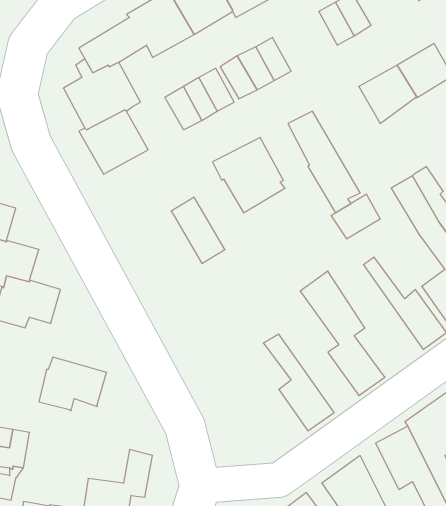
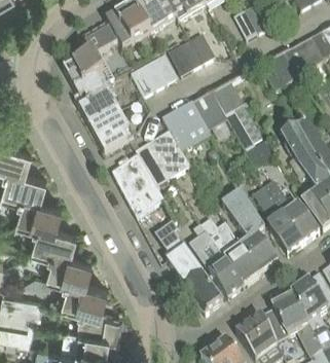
building: none -> [195,92,228,130]
building: none -> [90,109,136,152]
building: none -> [151,129,191,176]
building: none -> [112,153,164,218]
building: none -> [252,186,304,254]
building: none -> [203,219,261,285]
building: none -> [31,221,77,256]
building: none -> [155,221,223,314]
building: none -> [62,276,108,332]

